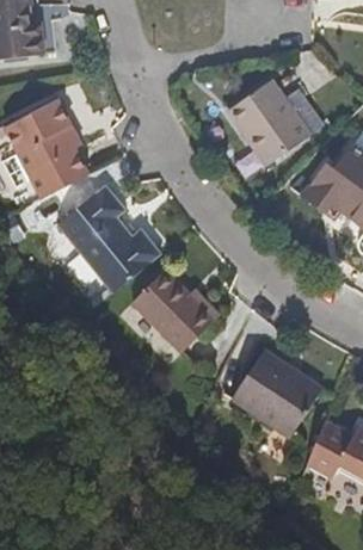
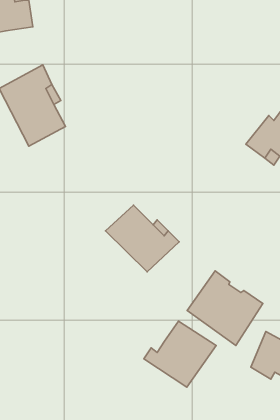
building: [224,84,307,165] -> none
building: [61,178,166,289] -> none
building: none -> [144,321,216,387]

